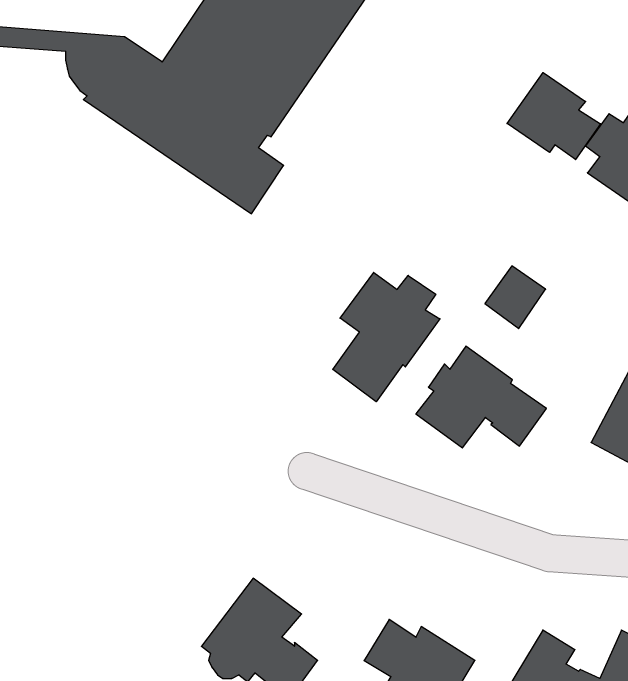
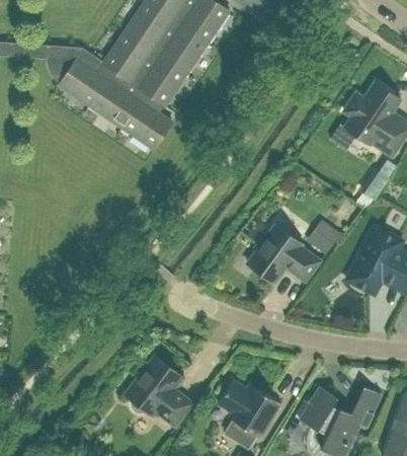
building: [507,73,601,160] -> none
building: [485,266,546,329] -> [306,220,340,255]
building: [333,272,440,402] -> none

